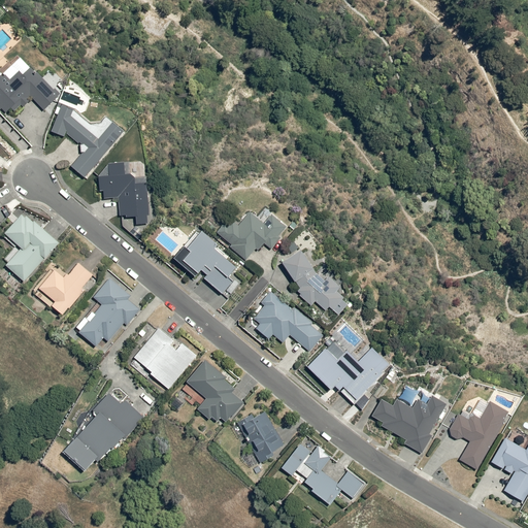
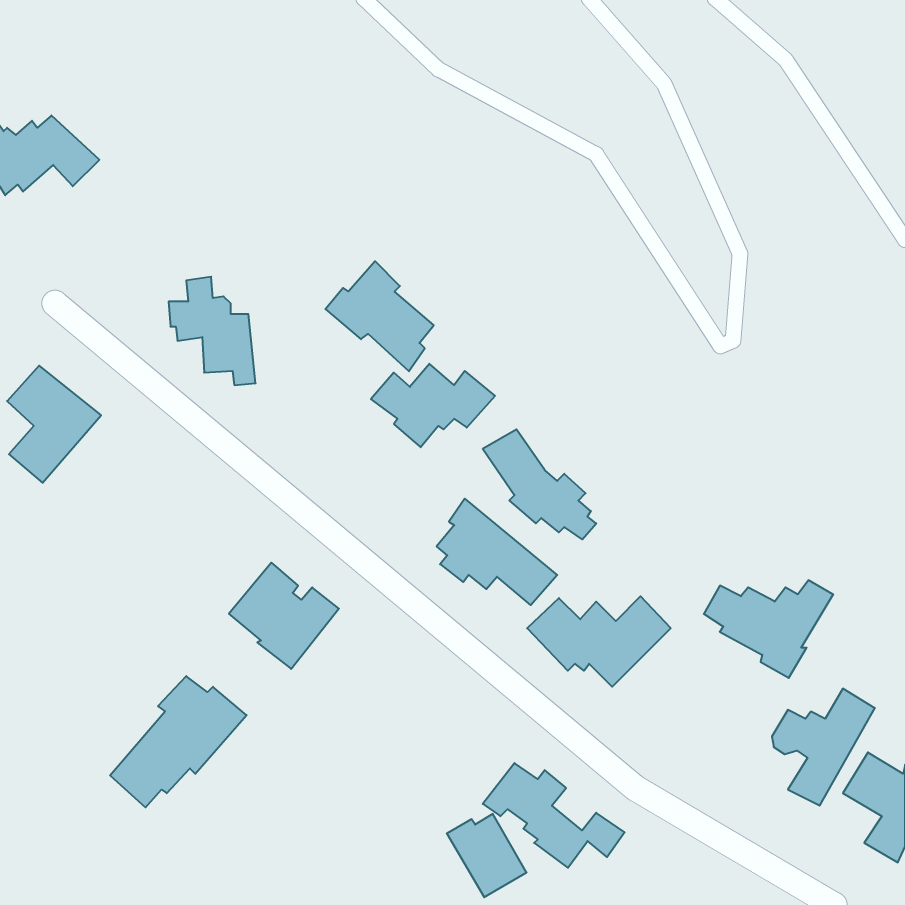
building: [51,103,124,176] -> none
building: [173,230,236,294] -> [325,261,434,371]
building: [38,262,93,314] -> none
building: [77,277,139,346] -> none
building: [186,359,244,422] -> none
building: [371,395,447,452] -> [704,580,833,678]
building: [237,410,284,459] -> [447,814,527,897]

